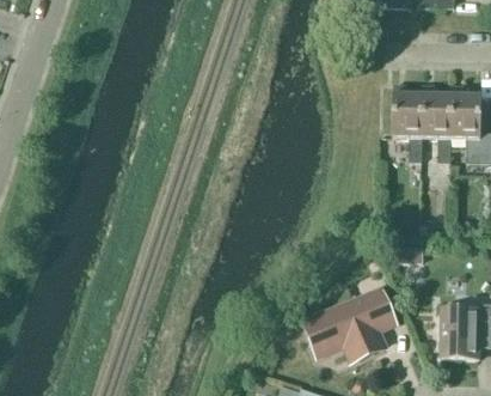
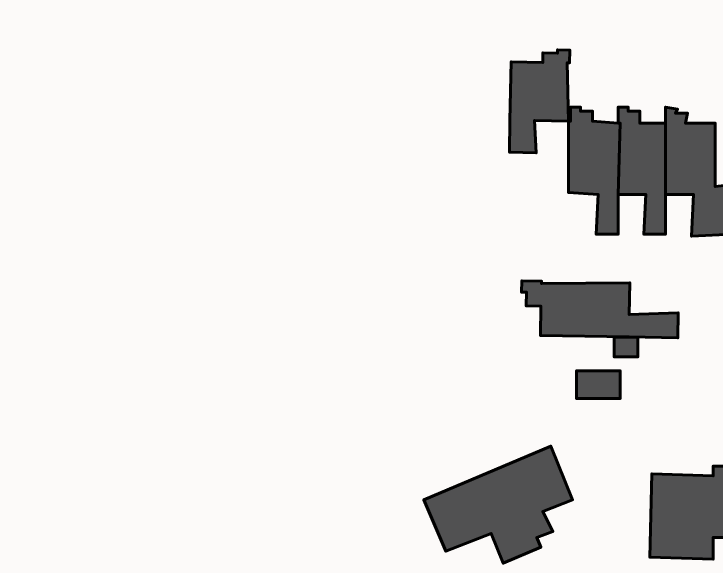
building: none -> [509,50,570,153]
building: none -> [522,281,678,338]

